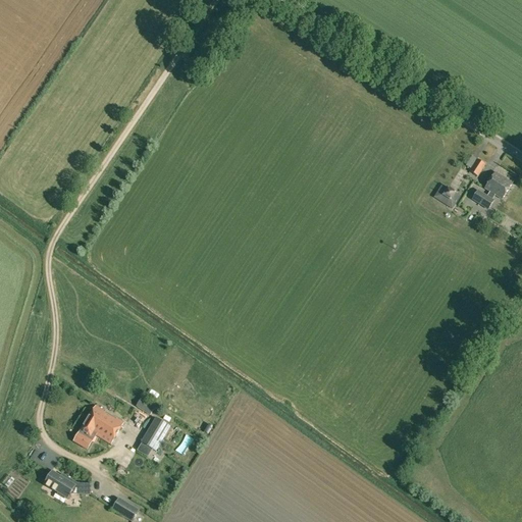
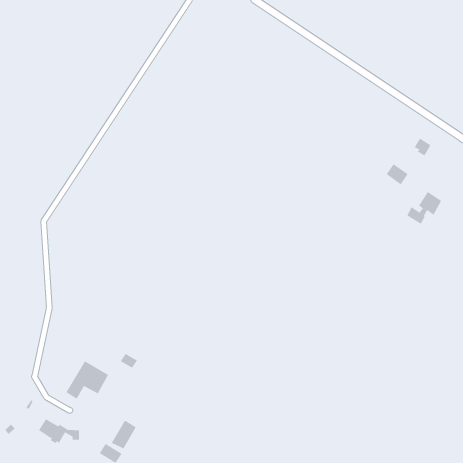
building: [471,171,511,209] -> [407,191,442,225]
building: [140,418,168,451] -> [111,420,136,449]

